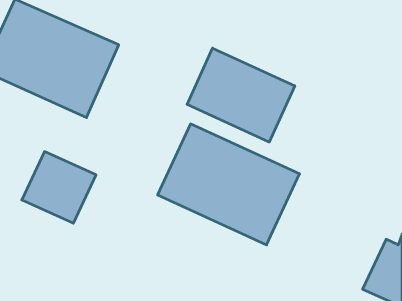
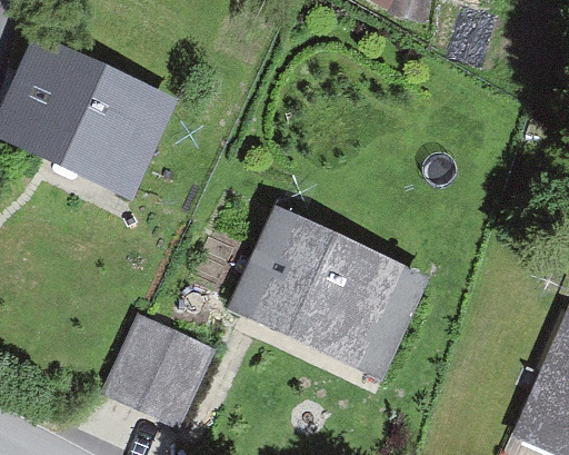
building: [187,48,295,142] -> none
building: [22,152,96,223] -> [109,316,211,415]

